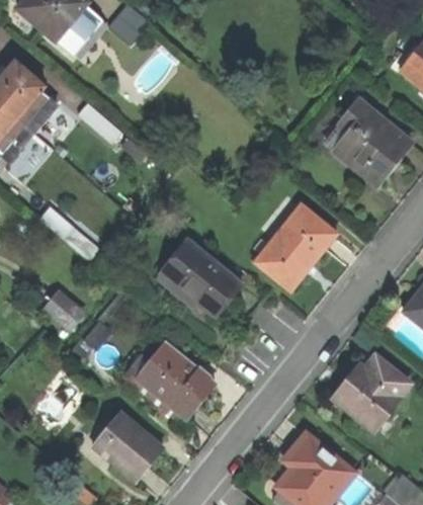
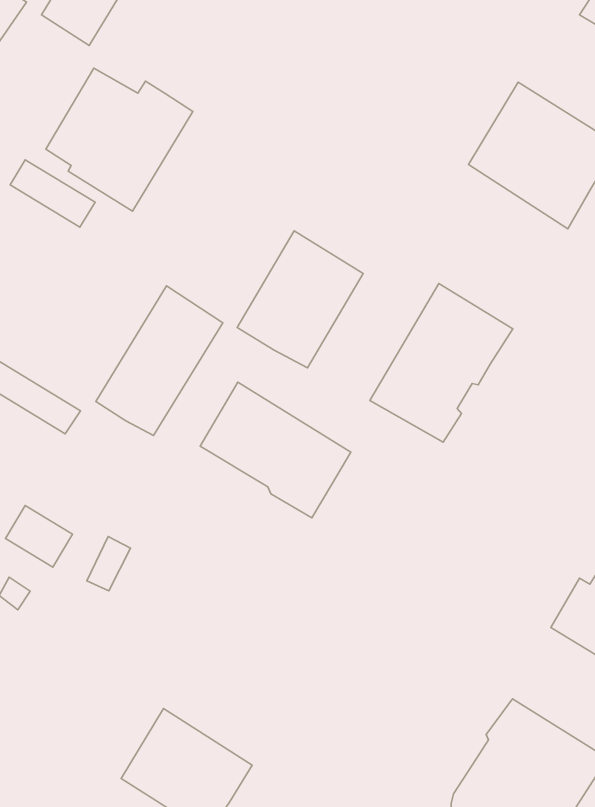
building: none -> [46,68,193,211]
building: none -> [237,231,363,368]
building: none -> [96,286,223,436]
building: [141,345,216,420] -> none

